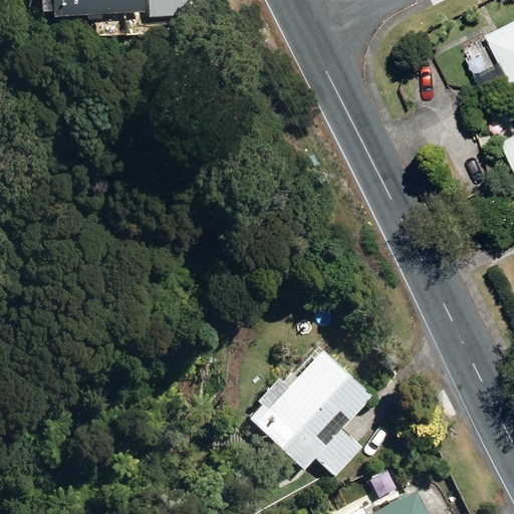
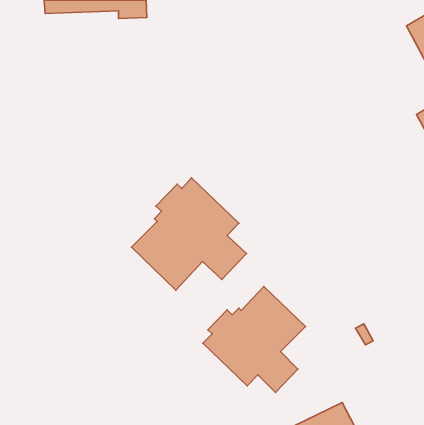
building: none -> [131,178,247,290]

